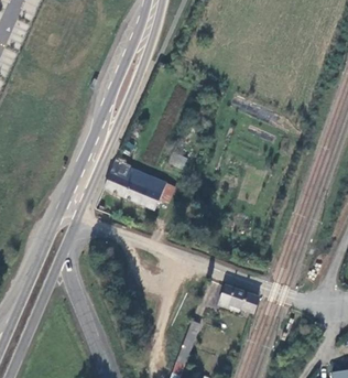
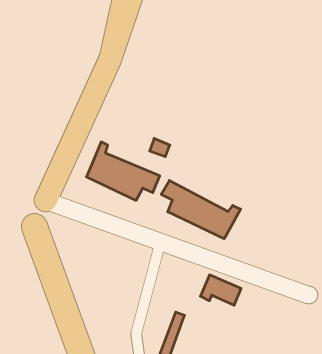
building: none -> [161,180,241,239]

